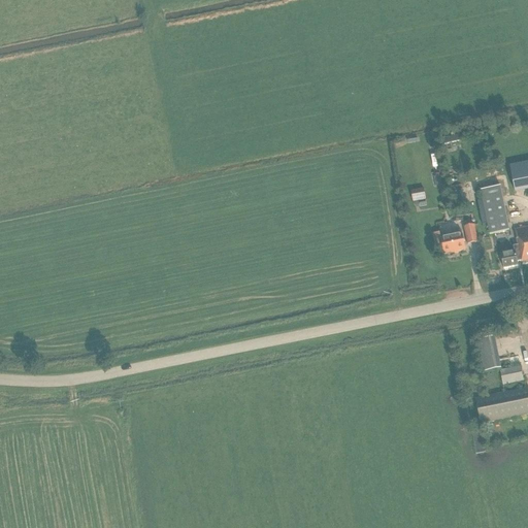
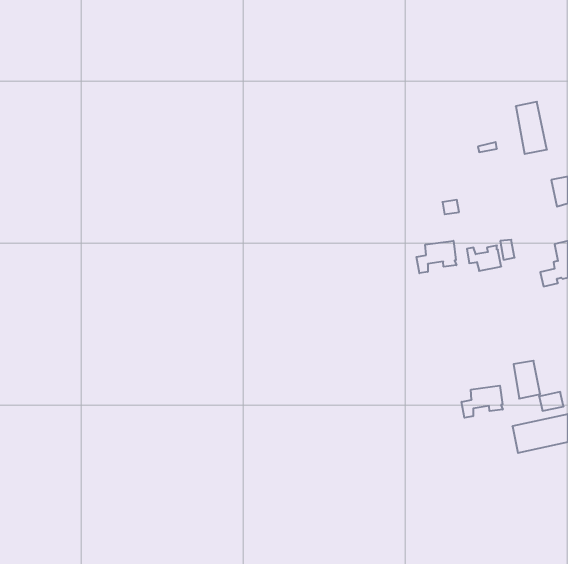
building: [481,184,509,232] -> [516,102,547,154]
building: none -> [416,241,456,273]
building: none -> [462,386,503,418]

